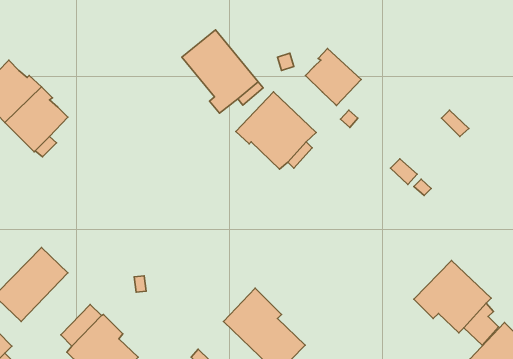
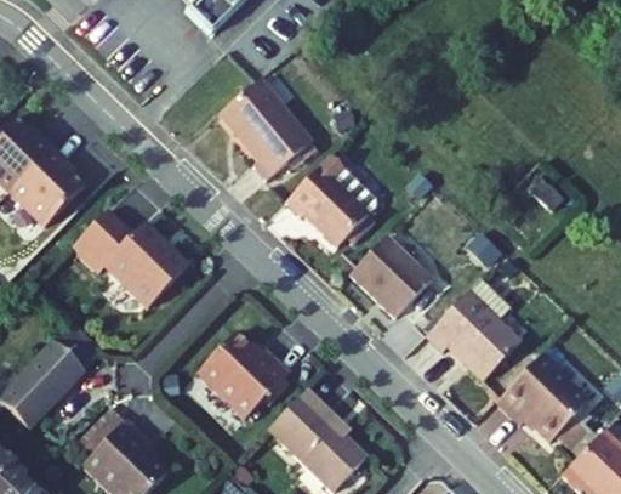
building: [306,49,361,105] -> none
building: none -> [72,210,187,307]
building: none -> [349,237,431,318]
building: none -> [426,278,520,380]
building: none -> [196,333,289,419]

